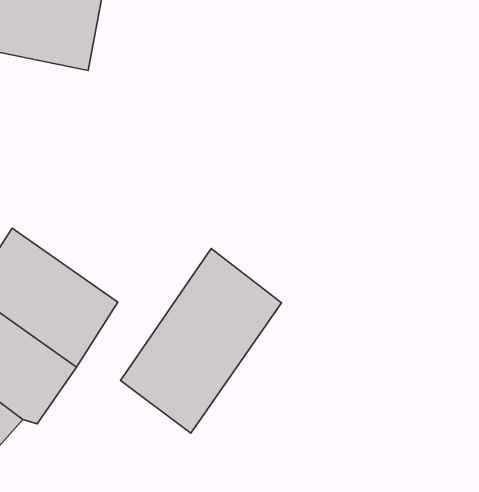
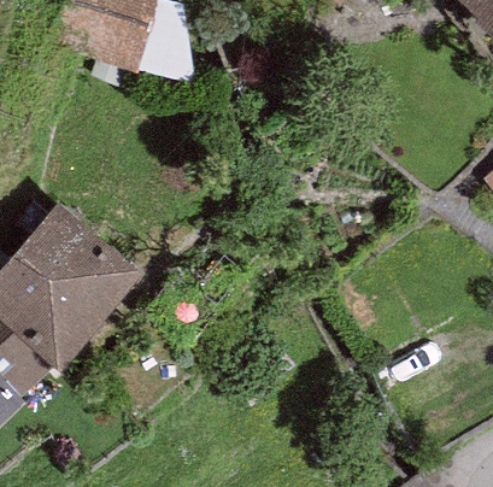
building: [121,249,282,433] -> none

